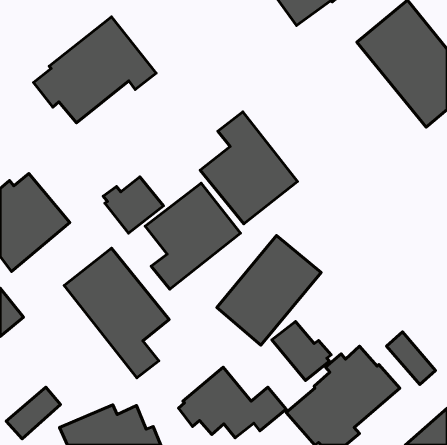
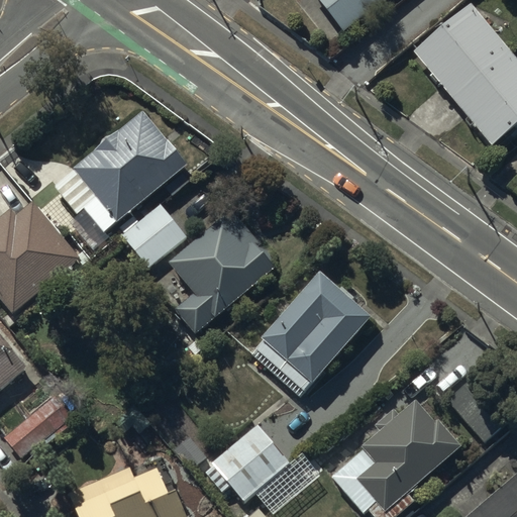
building: [34,17,156,123] -> [55,110,196,232]
building: [200,112,298,224] -> none
building: [64,248,169,378] -> none
building: [272,321,331,380] -> none
building: [6,387,61,439] -> [5,399,68,458]

